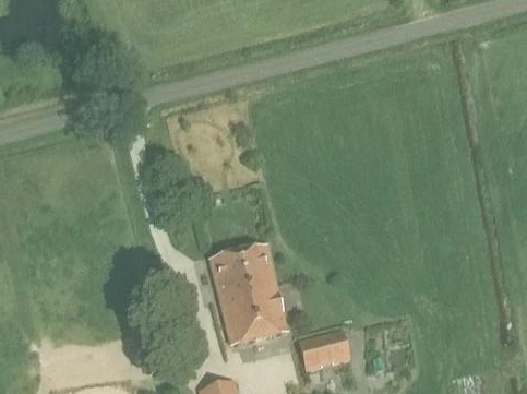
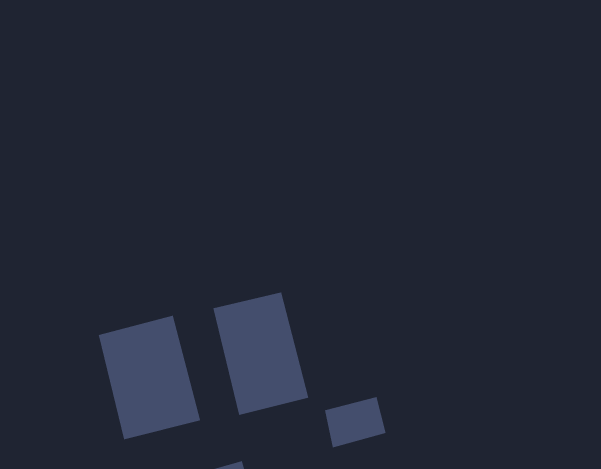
building: none -> [98,315,201,440]

